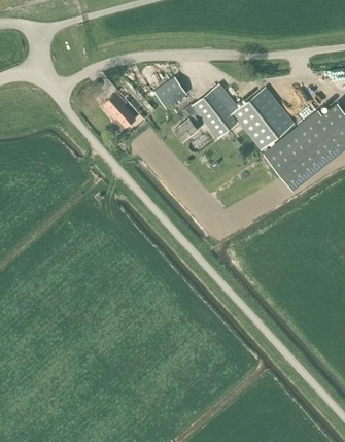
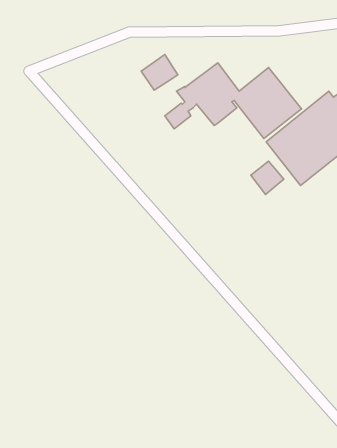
building: [103,93,136,131] -> none
building: none -> [251,161,284,194]

